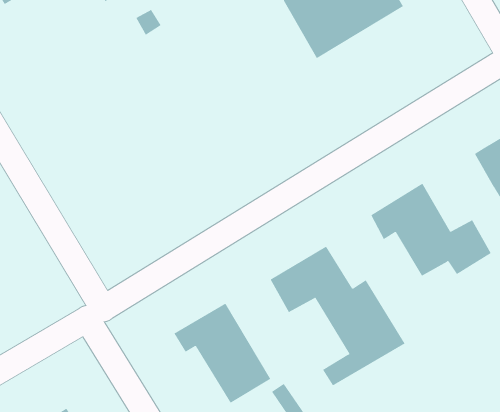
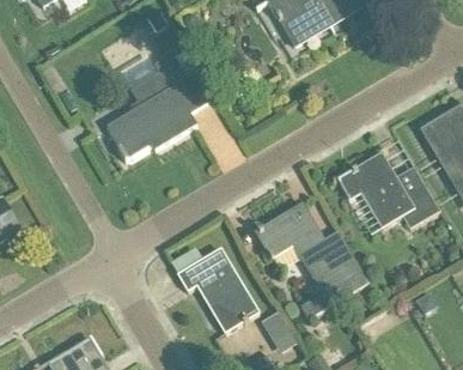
building: none -> [105,51,211,159]

